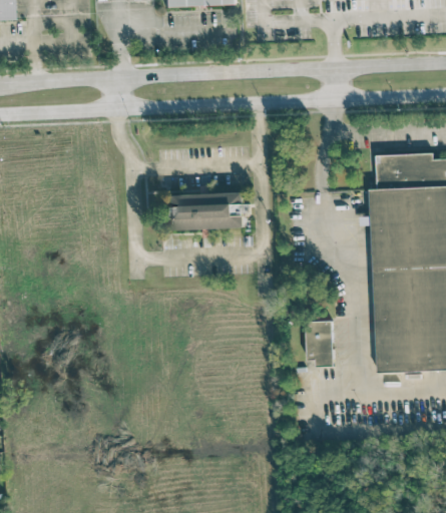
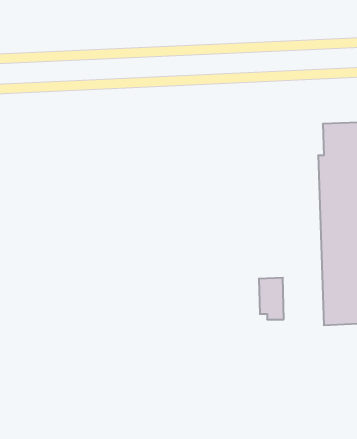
building: [162,192,249,229] -> none

